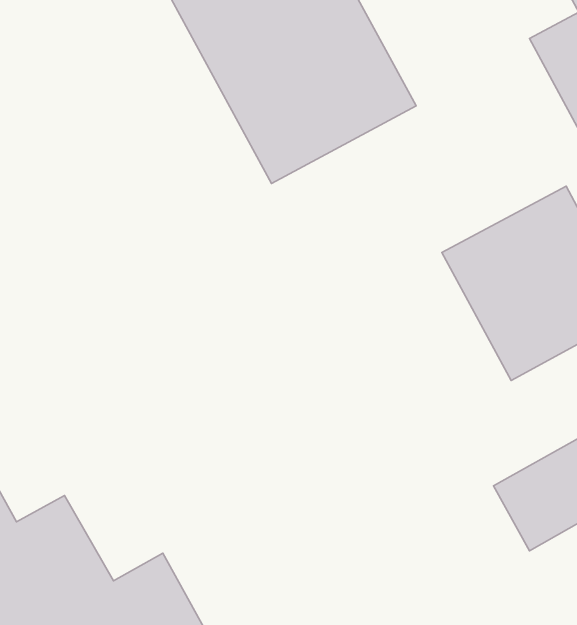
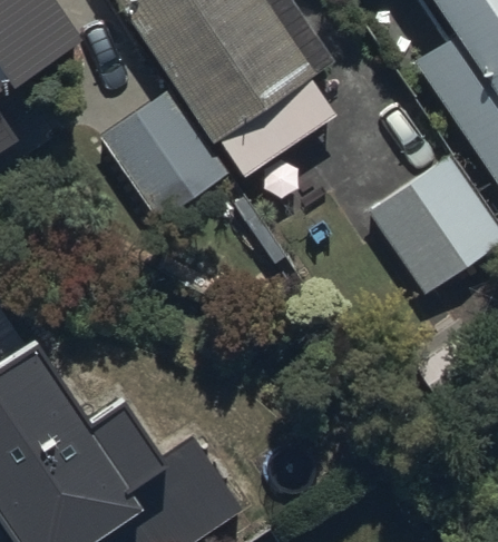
building: none -> [98,85,231,223]

